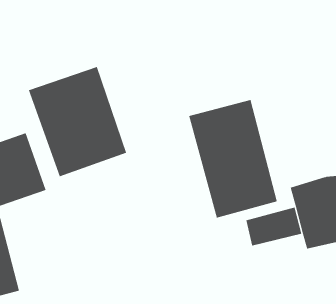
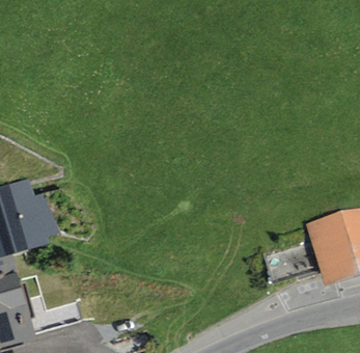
building: [28,66,127,177] -> none
building: [189,99,277,219] -> none

